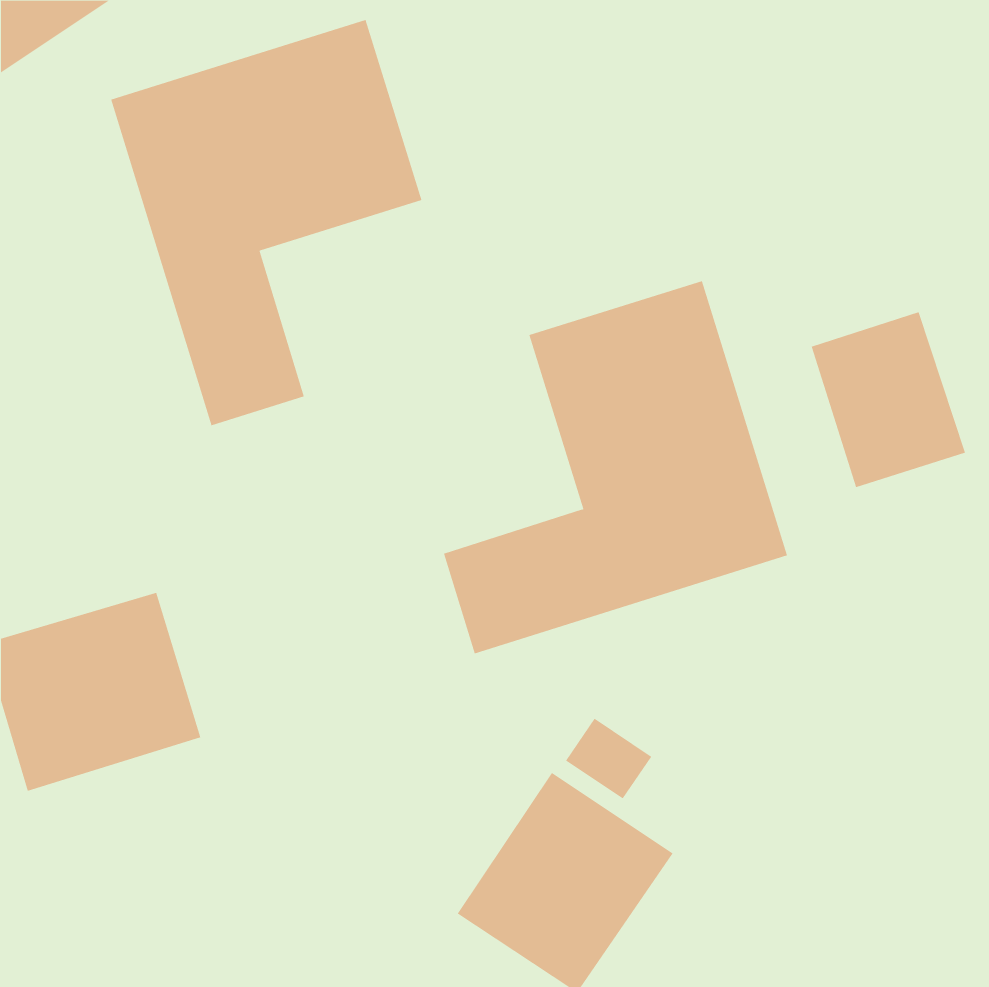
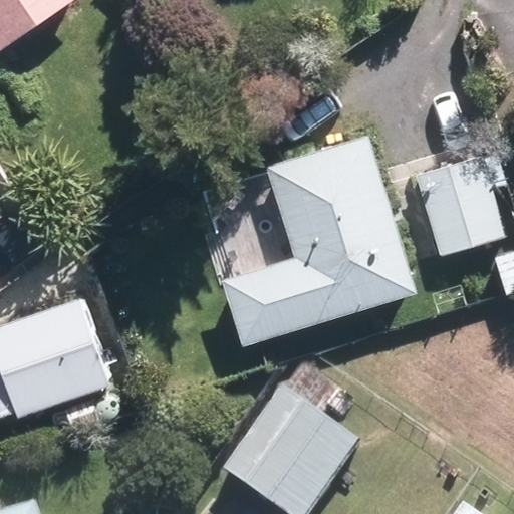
building: [110,19,422,426] -> none

